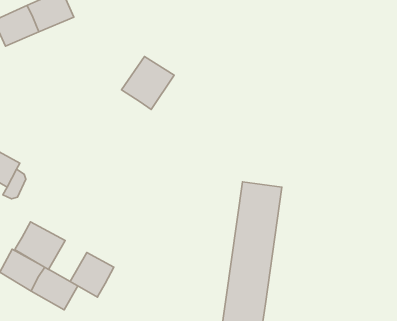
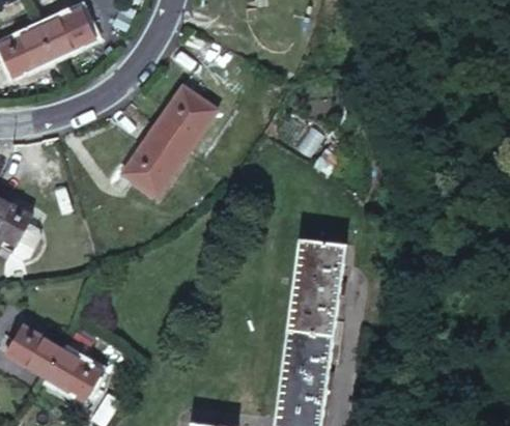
building: none -> [121,127,189,197]
building: [15,222,65,269] -> none
building: [70,252,114,297] -> none

